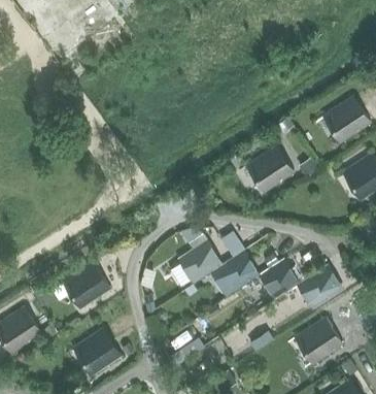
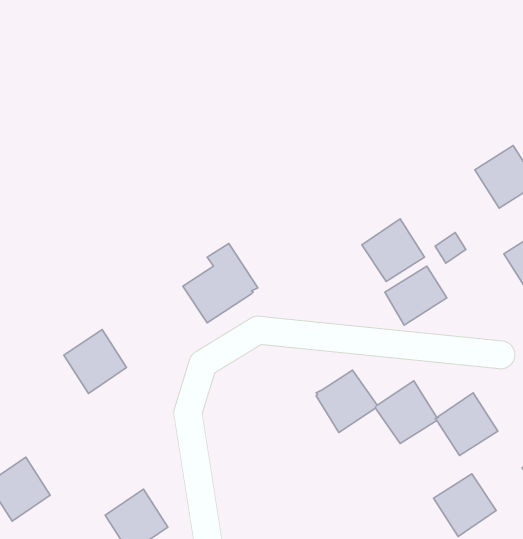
building: none -> [385,266,447,325]
building: [172,234,223,288] -> [183,243,258,323]
building: [65,264,107,307] -> [64,329,127,394]

